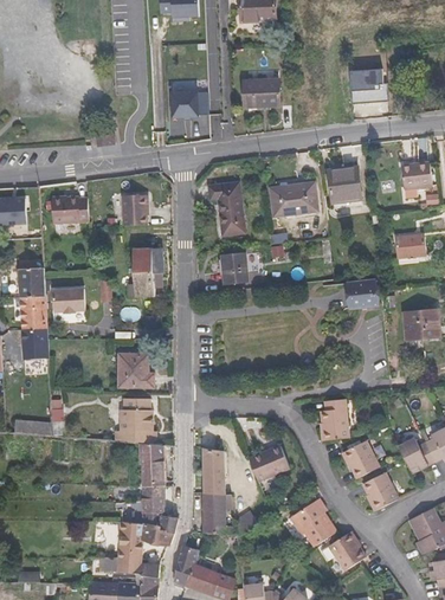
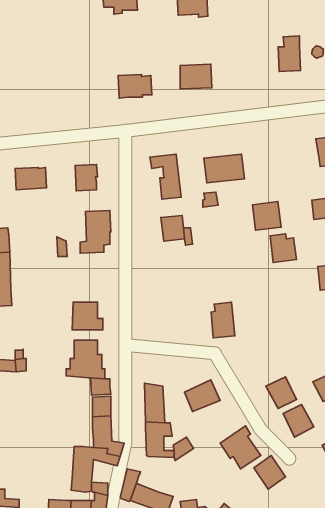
building: [328,168,361,201] -> [252,202,281,230]
building: [49,289,84,314] -> none
building: [321,399,348,440] -> [211,302,235,338]

